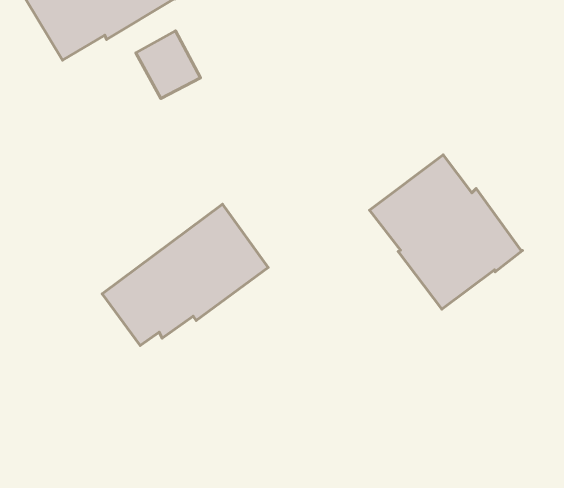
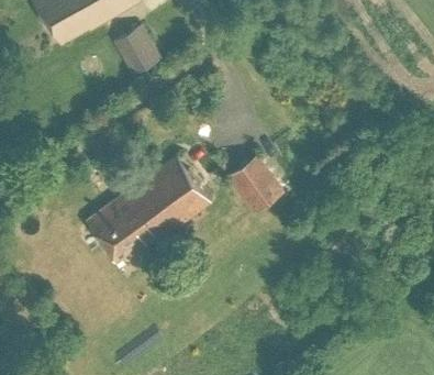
building: [369,155,523,309] -> none
building: none -> [227,155,285,213]

